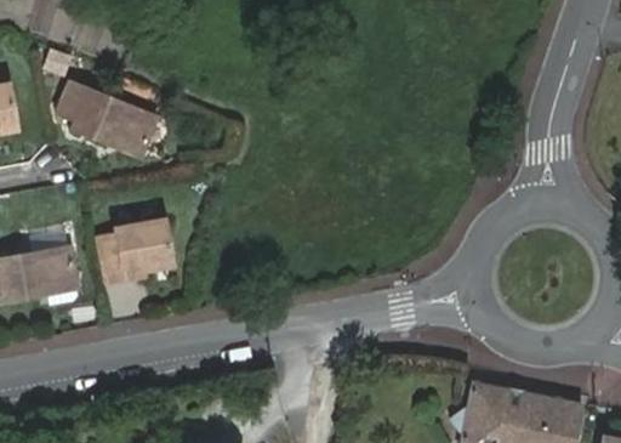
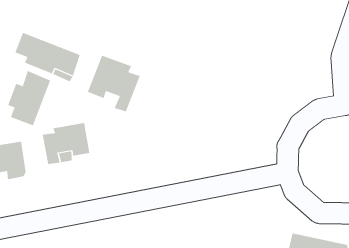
building: none -> [87,55,140,112]
building: none -> [7,70,51,126]

